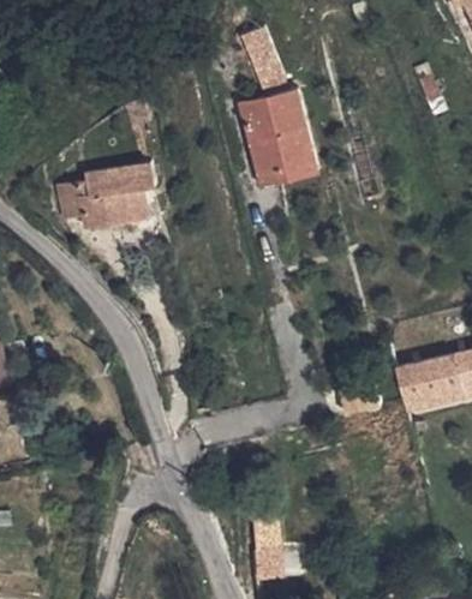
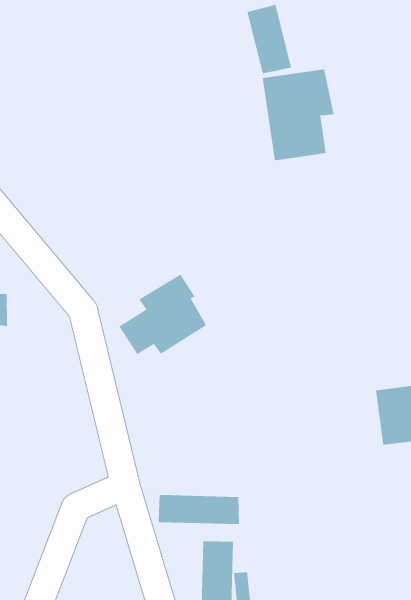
building: [68,166,149,244] -> [119,274,207,355]
building: none -> [158,494,240,525]

